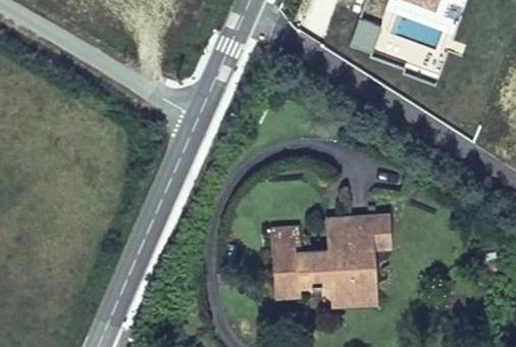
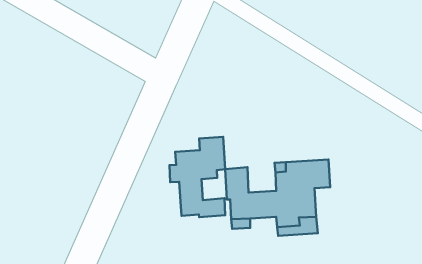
building: none -> [169,137,225,217]

